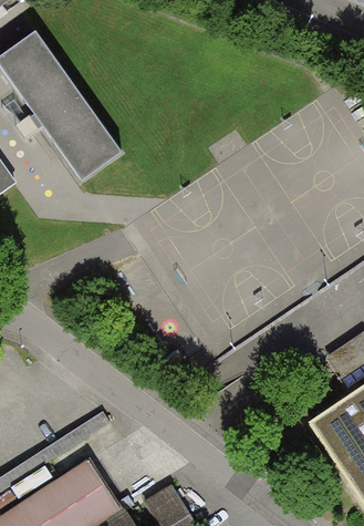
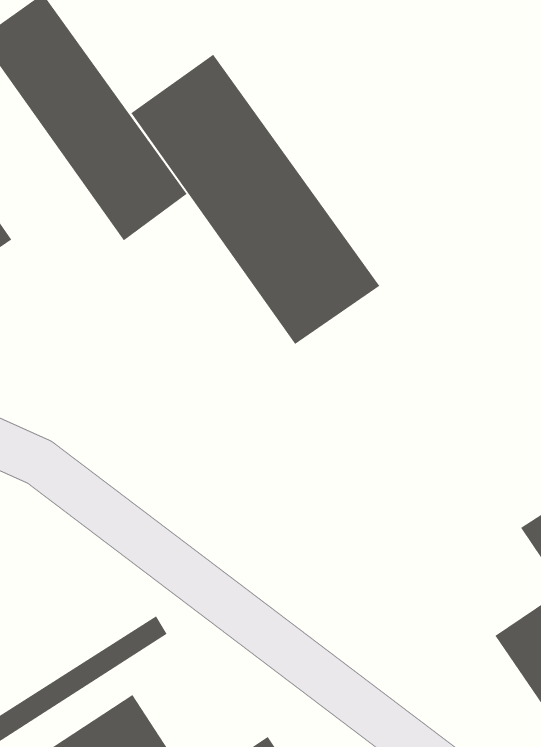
building: none -> [131,54,380,345]

